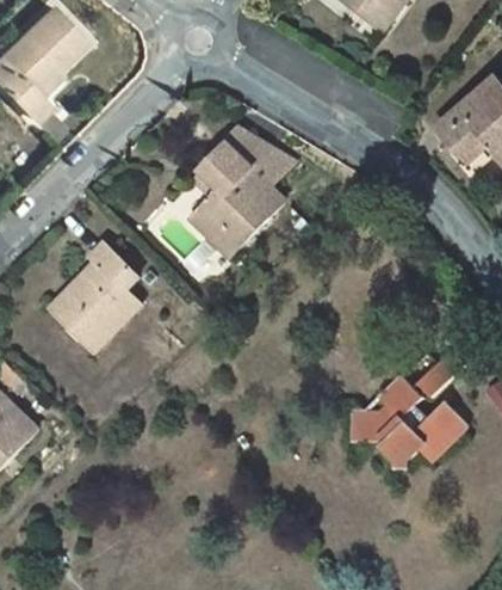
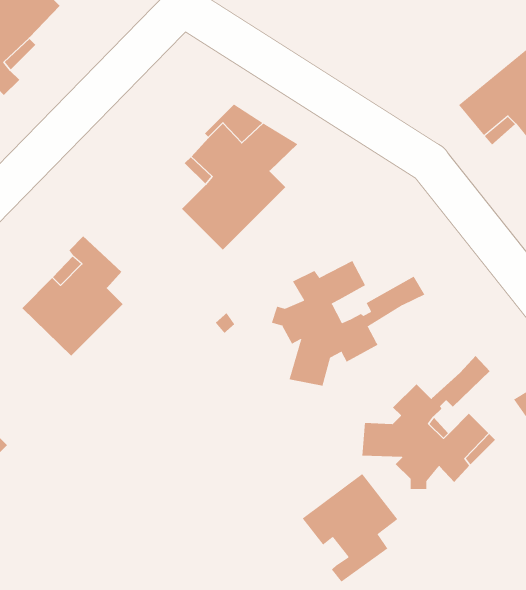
building: none -> [271,260,425,386]
building: none -> [302,473,398,582]

